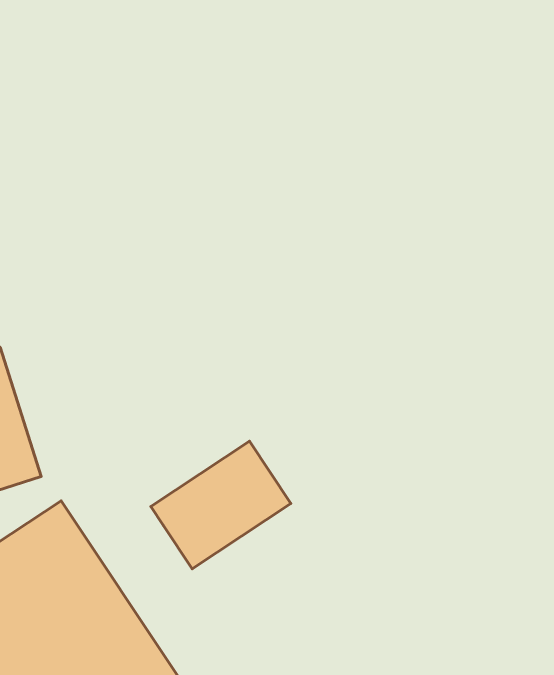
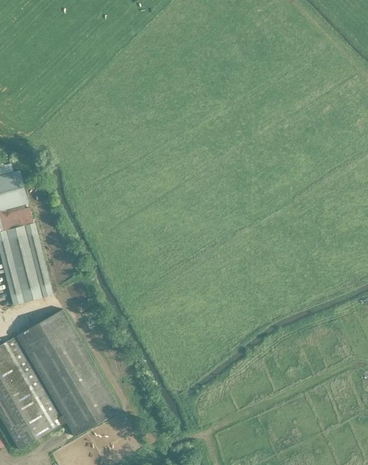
building: [151,441,291,569] -> none

